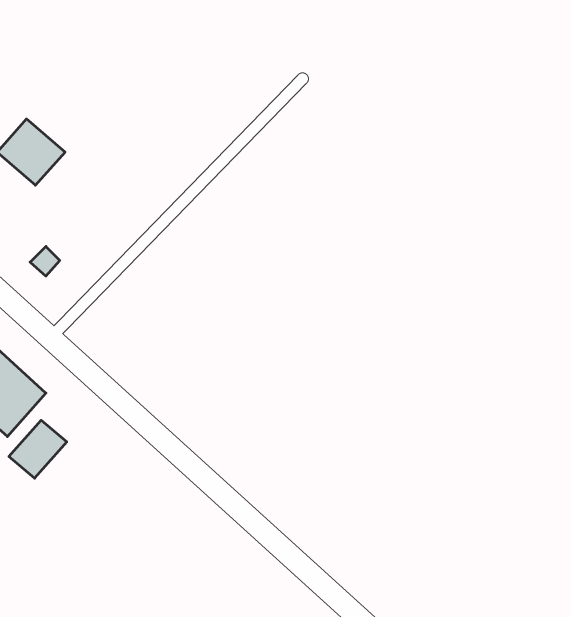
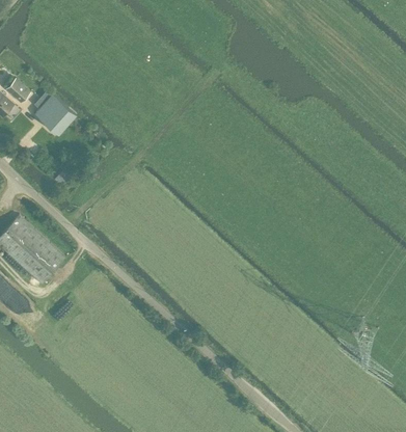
building: [9,420,67,478] -> none

